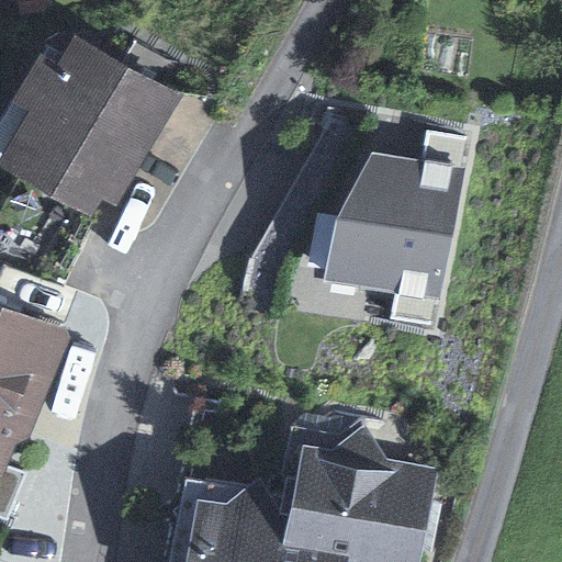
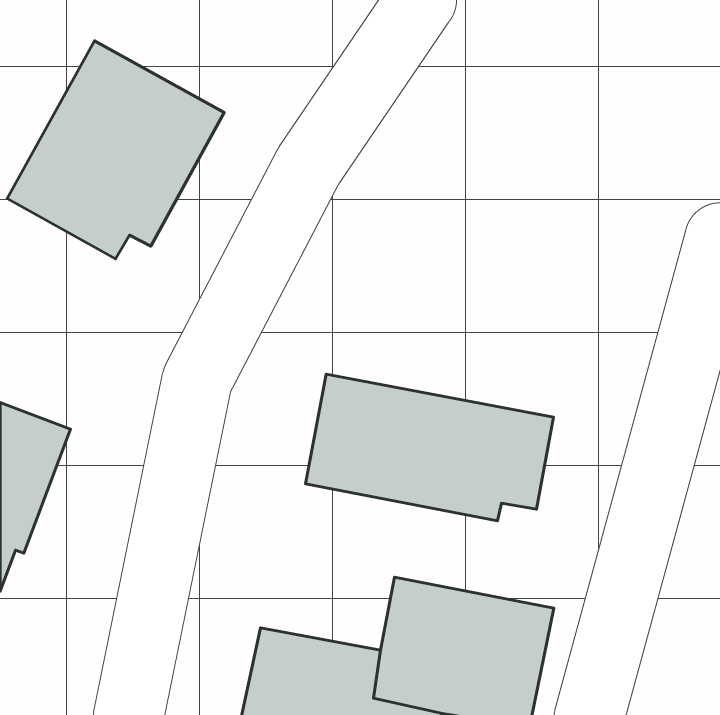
building: [329,153,460,295] -> none
building: none -> [305,374,553,521]

